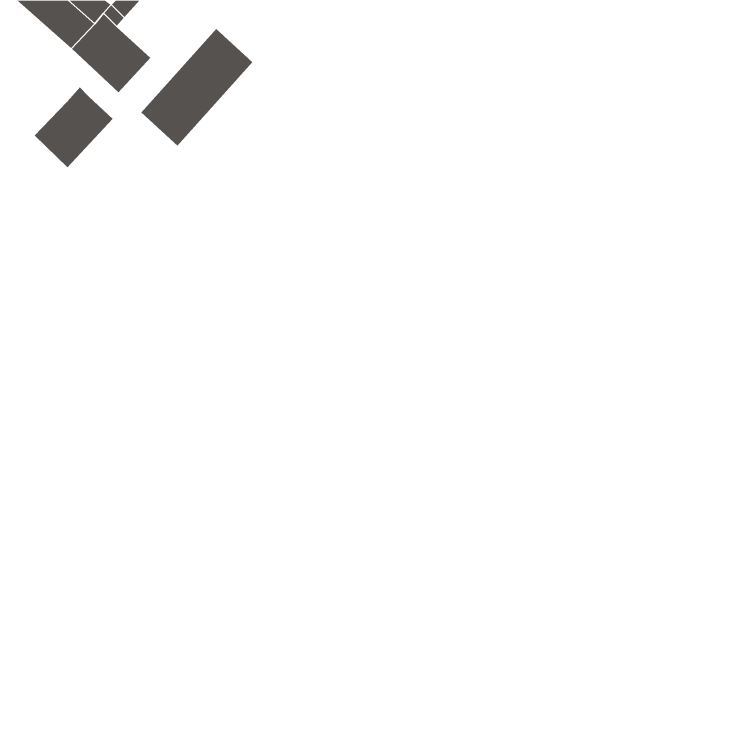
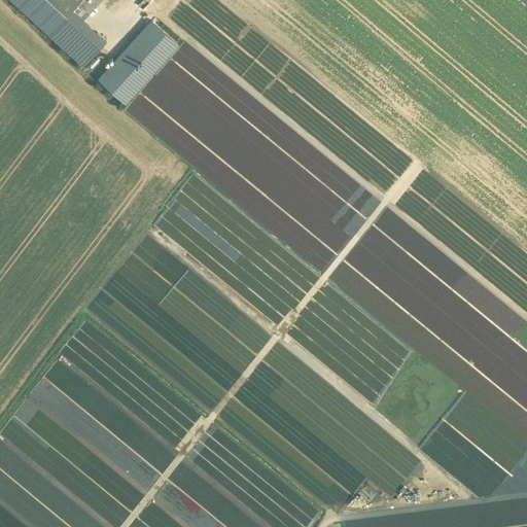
building: [34,87,114,168] -> none

